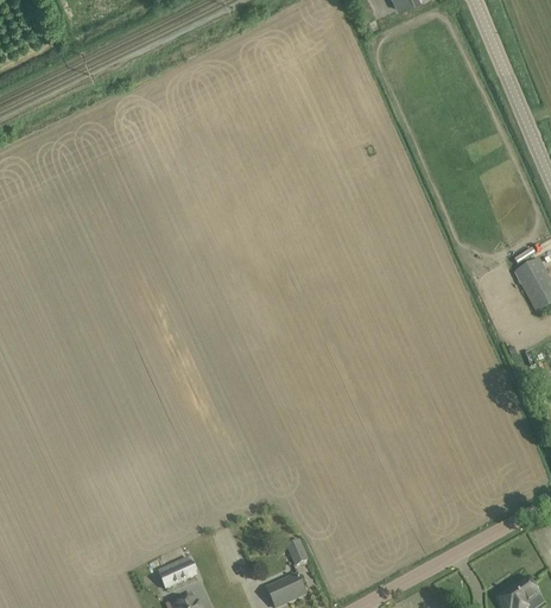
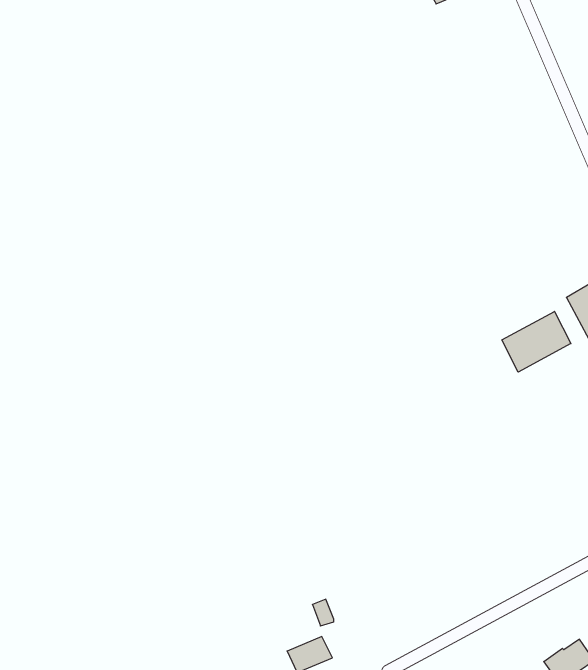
building: none -> [502,311,571,372]
building: [157,555,197,588] -> none

